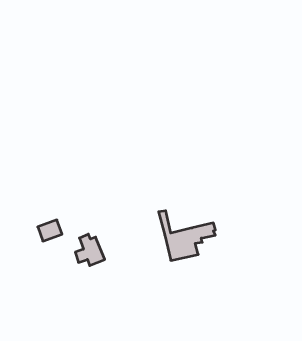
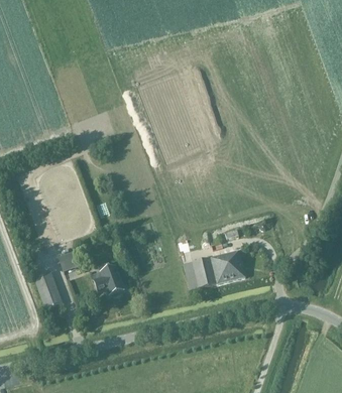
building: none -> [215,250,246,283]
building: none -> [34,271,64,309]

